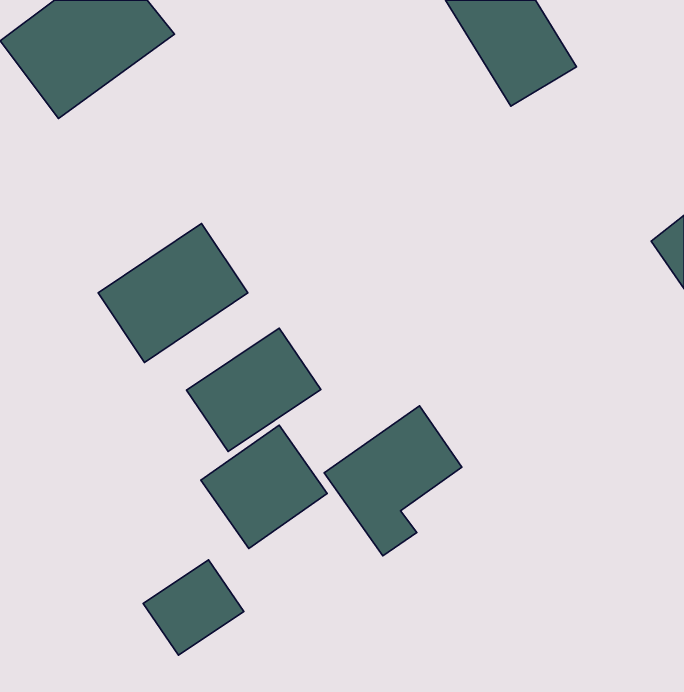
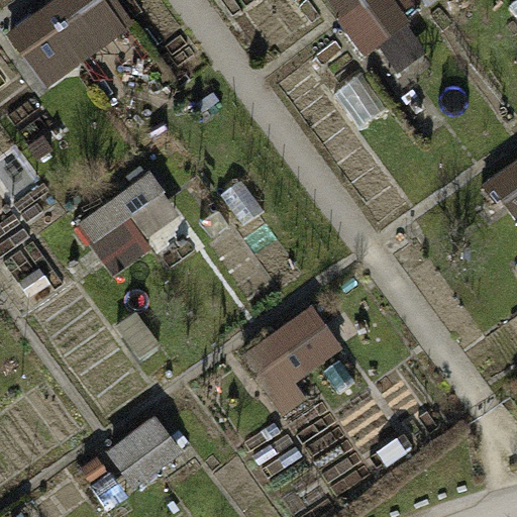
building: [187,328,321,452] -> none
building: [201,425,327,549] -> none

